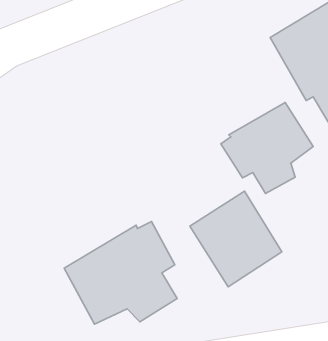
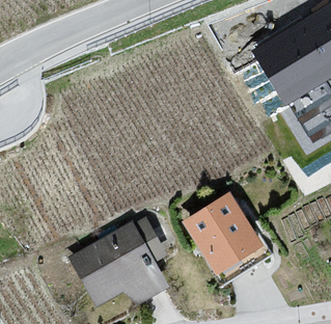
building: [221,102,313,193] -> none

